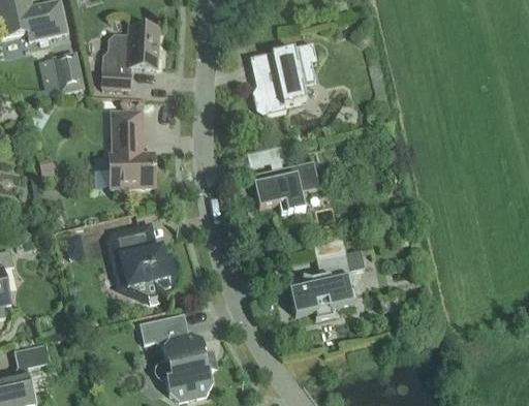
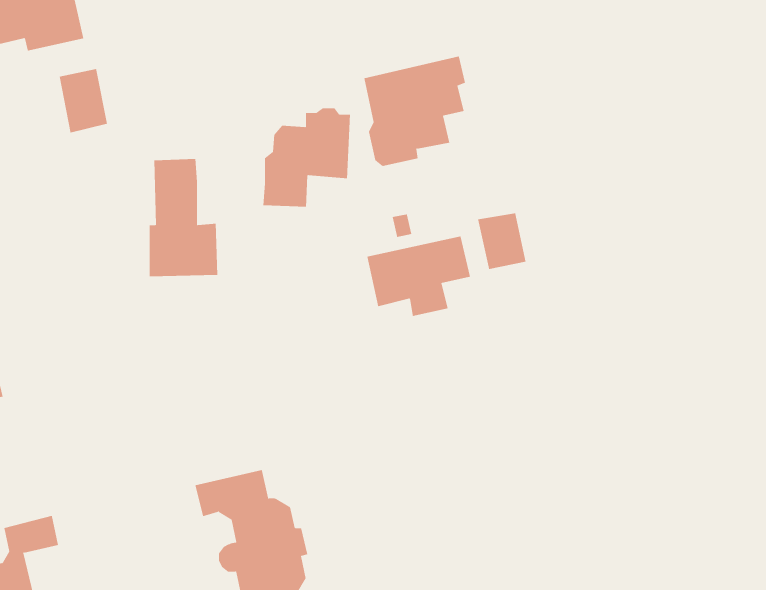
building: [100,22,158,87] -> [263,108,351,207]
building: none -> [478,212,526,270]
building: [108,225,175,302] -> none
building: [288,250,365,317] -> none

